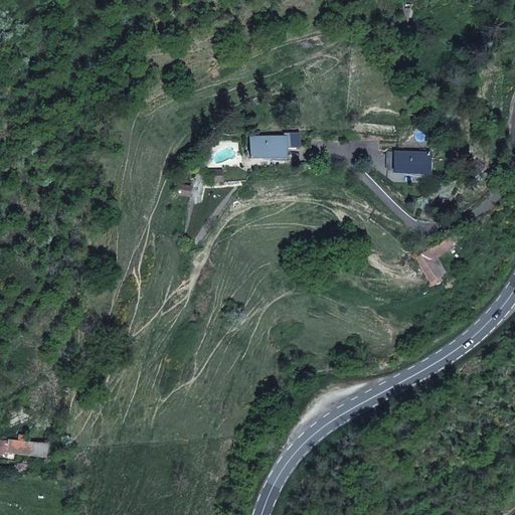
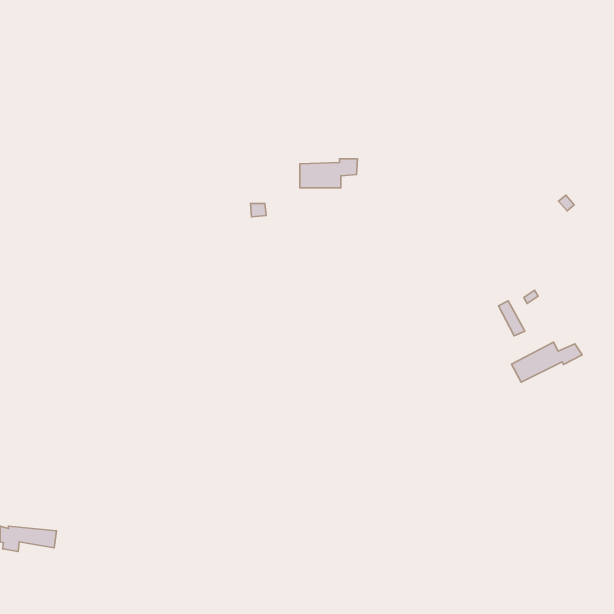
building: [387,151,430,173] -> none
building: none -> [512,342,582,382]

